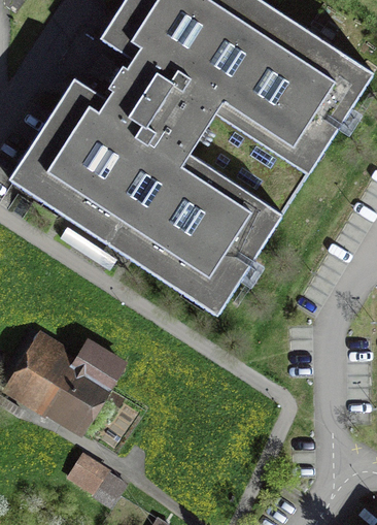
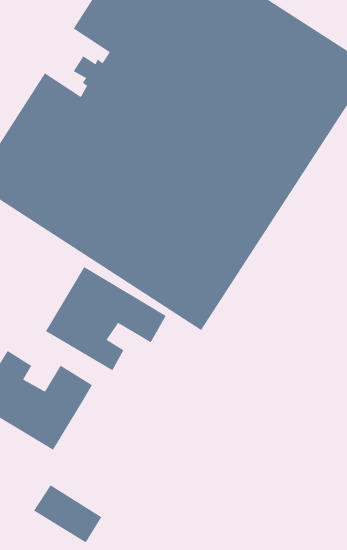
building: none -> [45,266,167,371]

